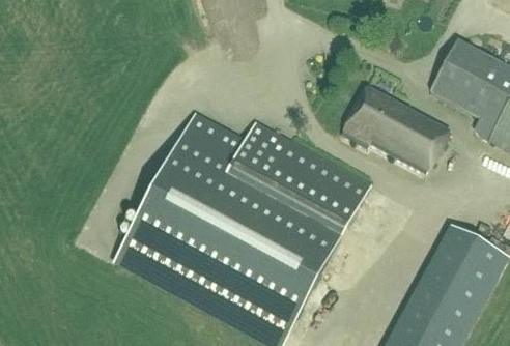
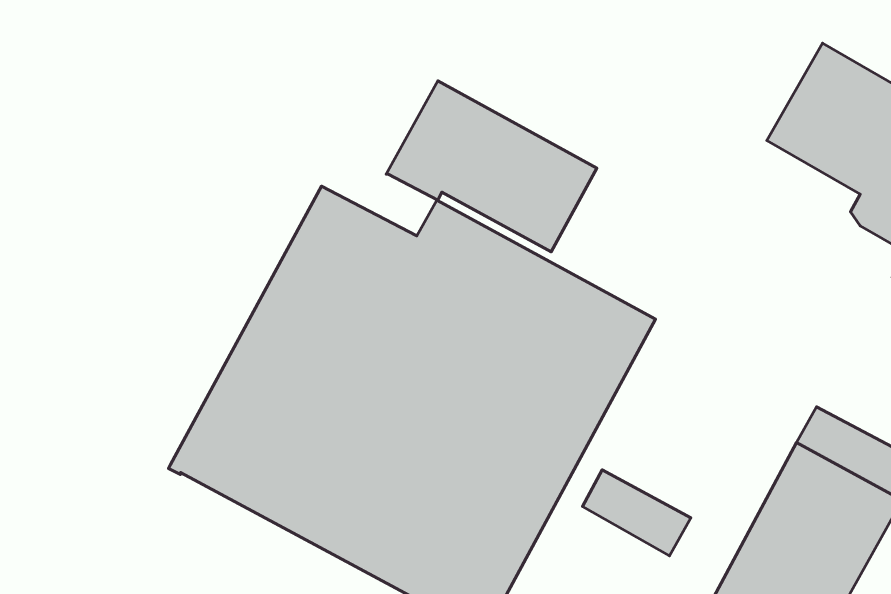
building: [340,82,450,171] -> [386,81,597,252]
building: none -> [583,470,691,556]

